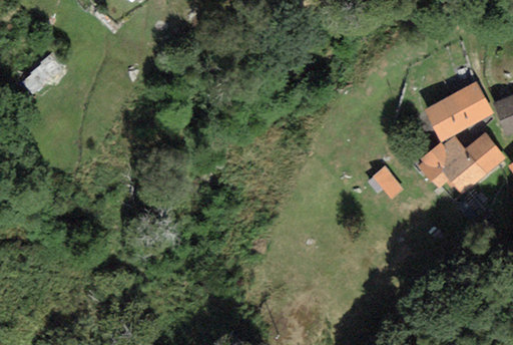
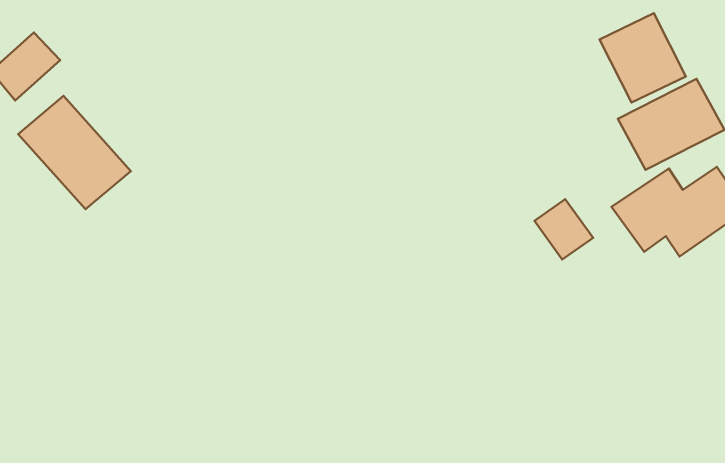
building: none -> [599,13,686,103]
building: none -> [18,96,131,209]

